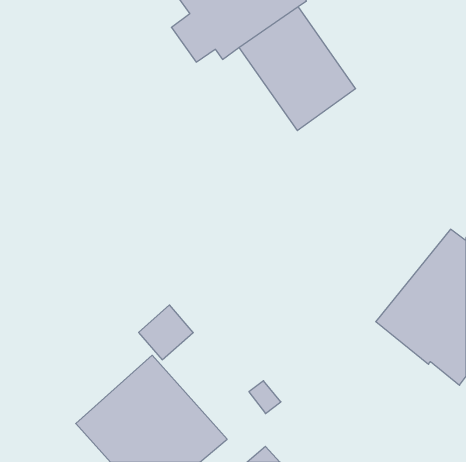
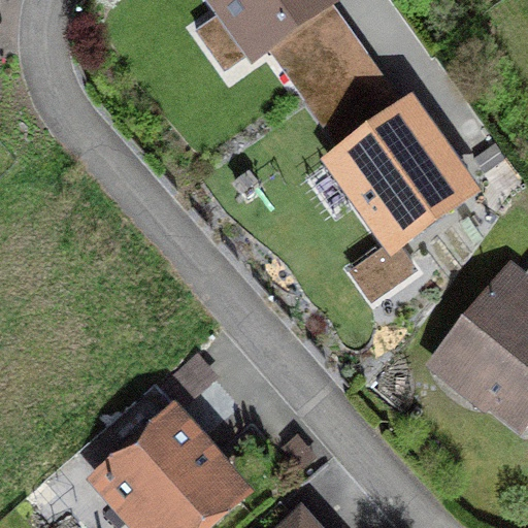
building: none -> [298,94,482,301]

